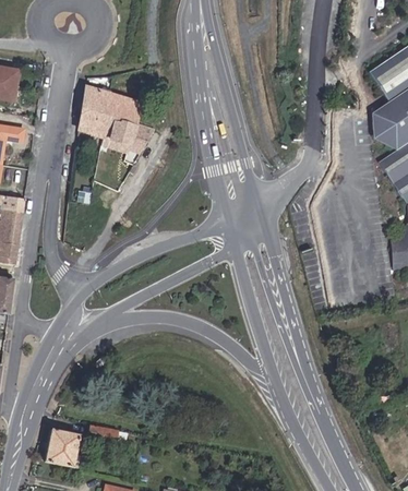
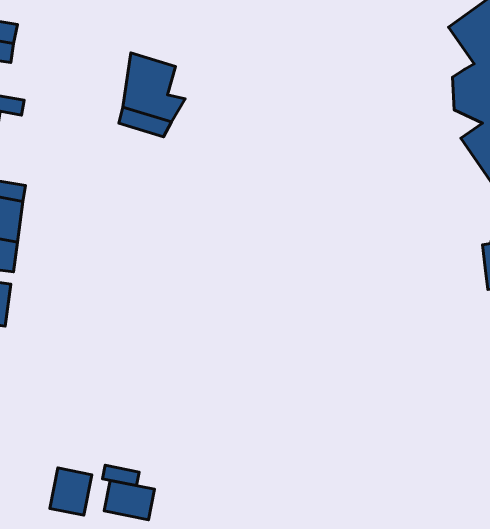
building: [80,85,111,135] -> none
building: none -> [104,480,155,520]

